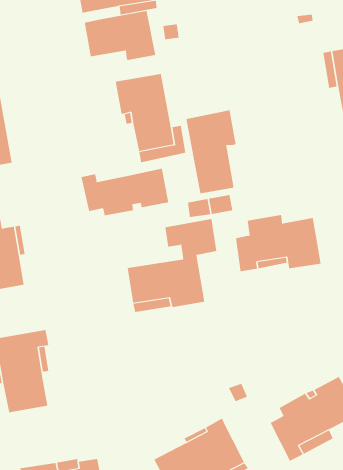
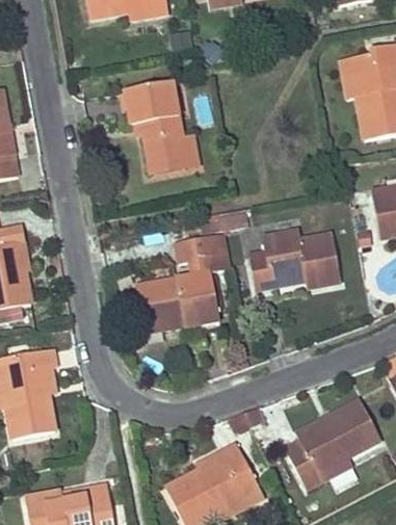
building: [84,10,156,61] -> none
building: [186,110,236,194] -> none
building: [81,168,169,216] -> none

